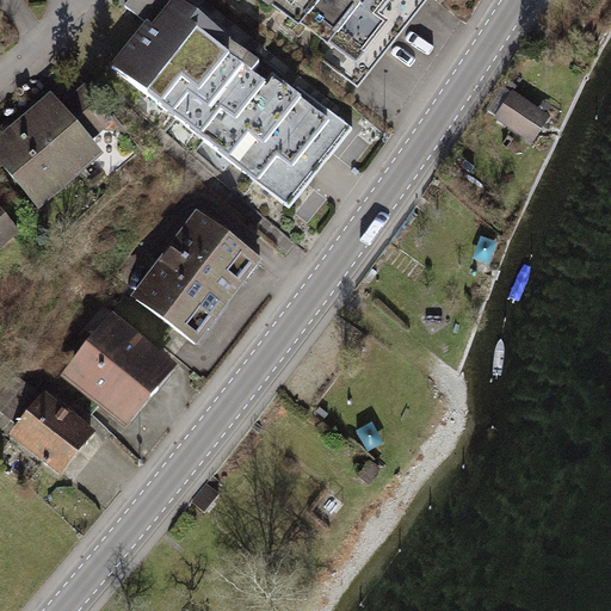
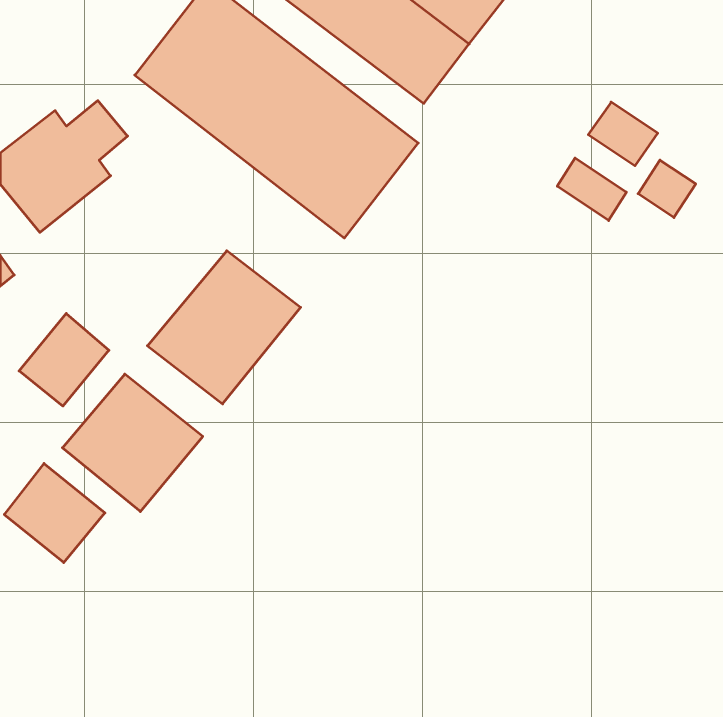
building: none -> [557,158,626,221]
building: none -> [638,160,696,218]
building: none -> [19,313,109,406]

